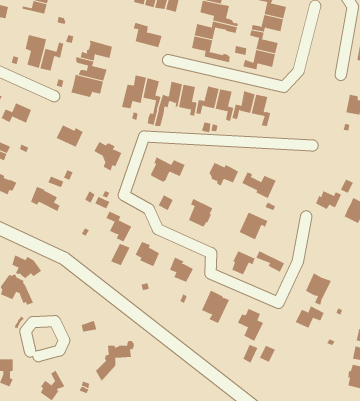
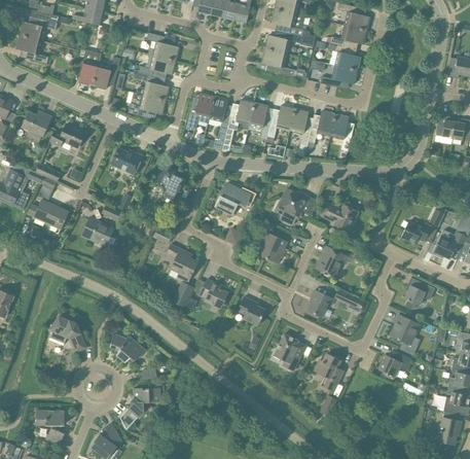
building: [133,22,162,48] -> [146,32,179,61]
building: none -> [404,277,434,309]
building: [11,253,43,279] -> [109,333,144,362]
building: [95,341,135,382] -> [119,383,164,429]

